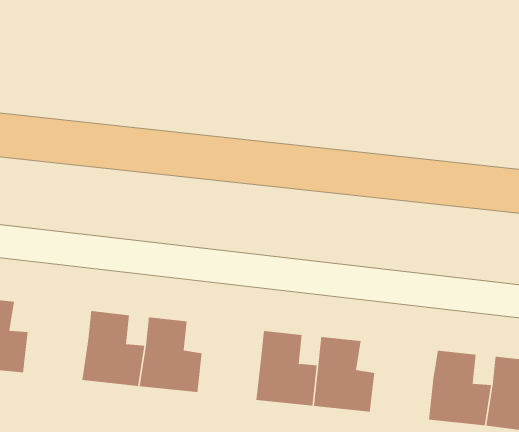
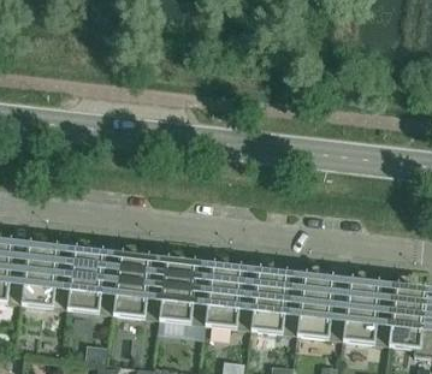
building: none -> [20,247,71,307]
building: none -> [156,262,208,333]
building: none -> [296,278,345,338]

